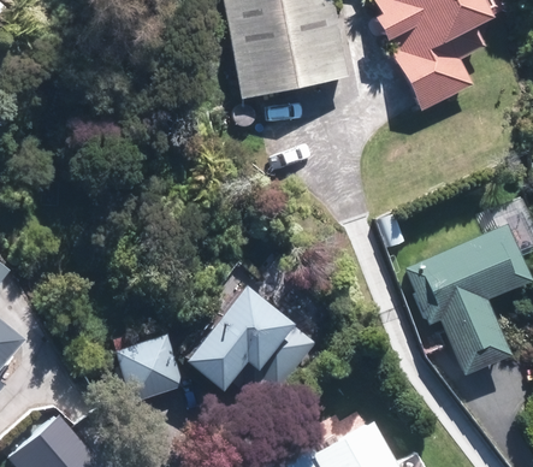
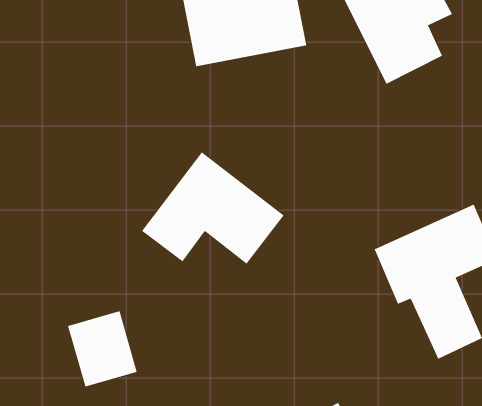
building: [182,283,319,391] -> [141,152,284,265]

